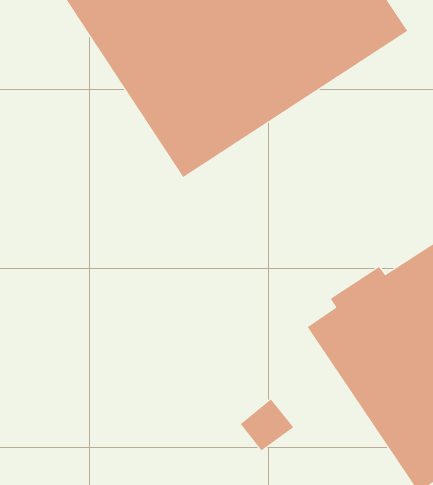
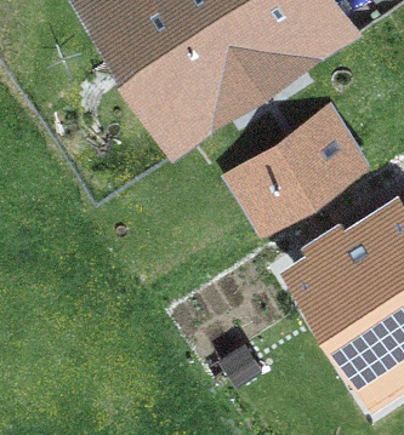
building: none -> [220,108,371,240]

